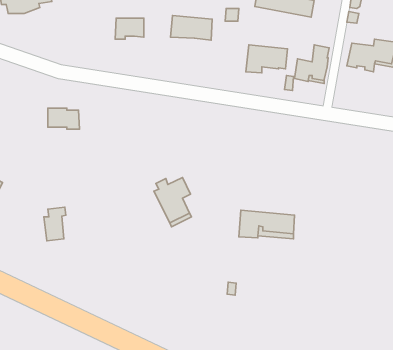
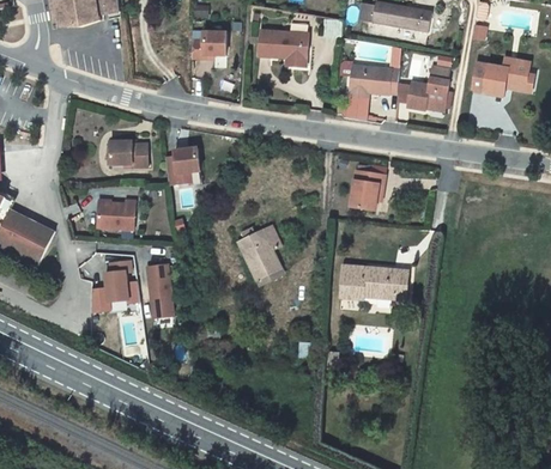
building: none -> [164,147,199,184]
building: none -> [351,170,385,209]
building: none -> [97,199,134,229]
building: none -> [146,264,172,317]

